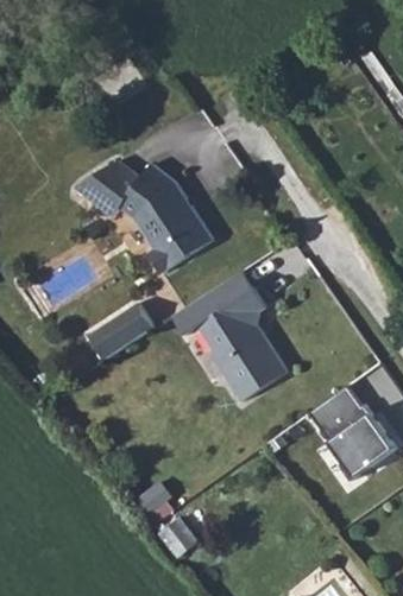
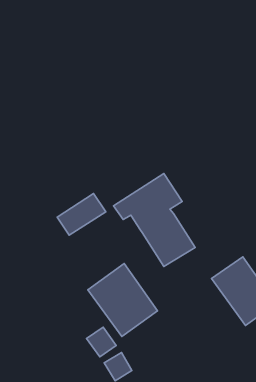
building: [73,160,214,268] -> none
building: none -> [88,263,158,336]

